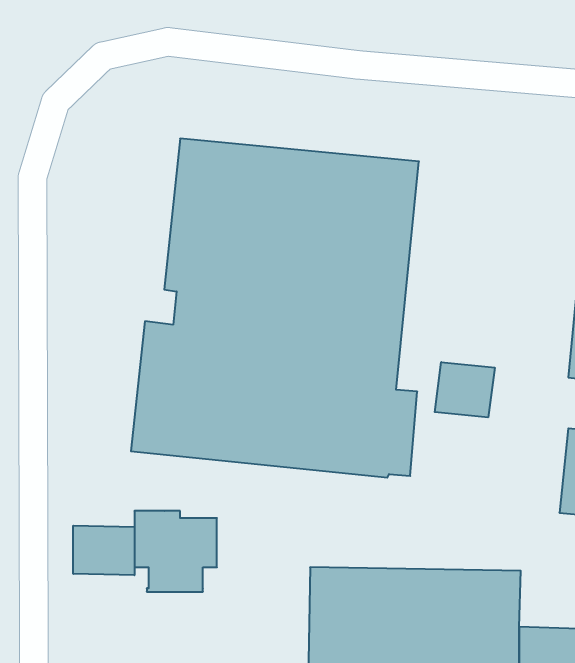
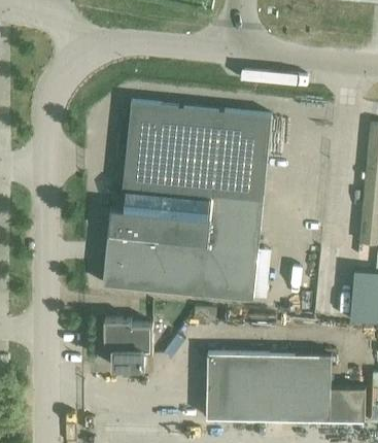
building: [435,362,495,417] -> none
building: [73,526,134,575] -> none

